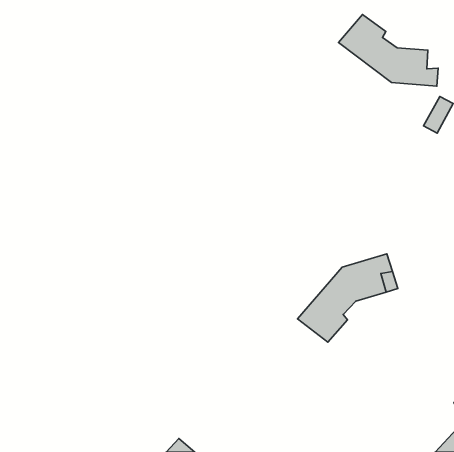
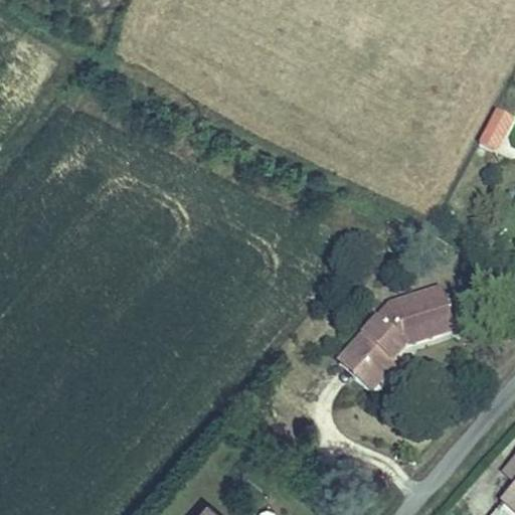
building: [339,14,438,86] -> none

